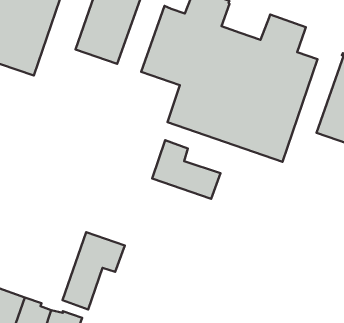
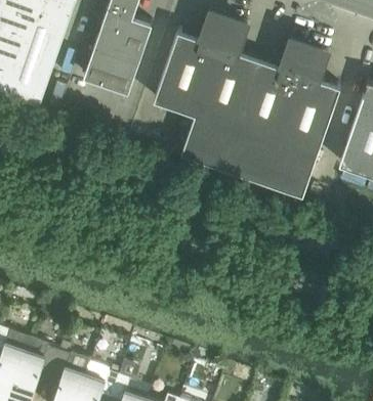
building: [152,140,220,199] -> none
building: [62,232,125,310] -> none

